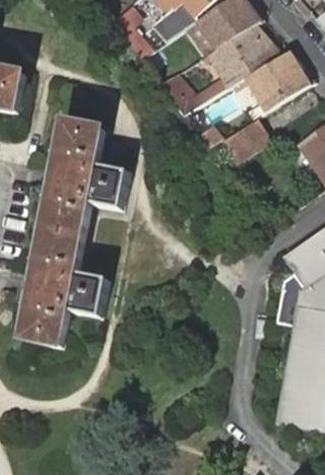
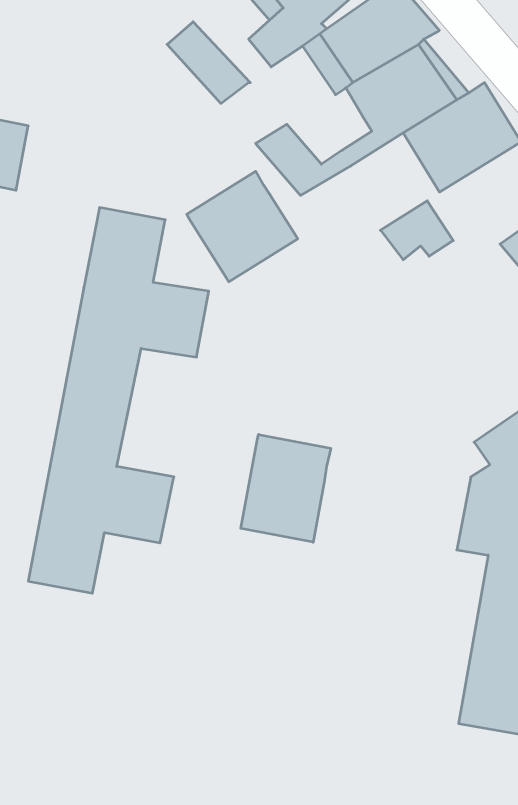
building: none -> [187,171,298,282]
building: none -> [241,434,331,542]

